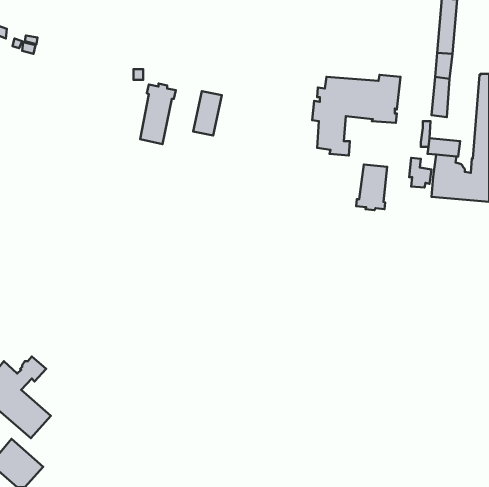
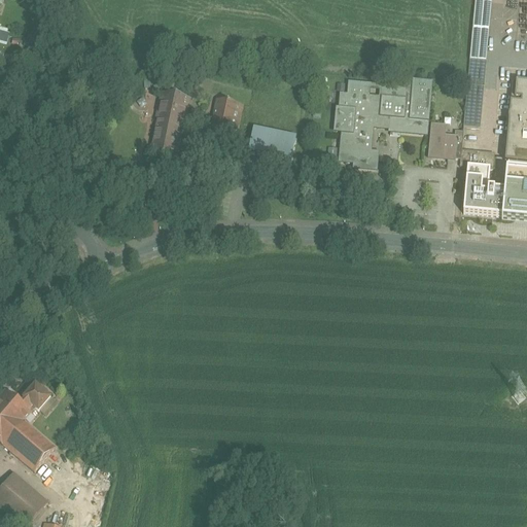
building: none -> [248,127,293,157]
building: [409,158,431,188] -> [429,125,453,156]
building: [356,164,387,210] -> none

